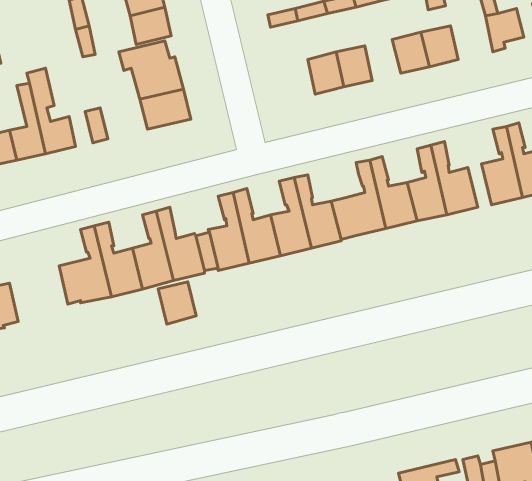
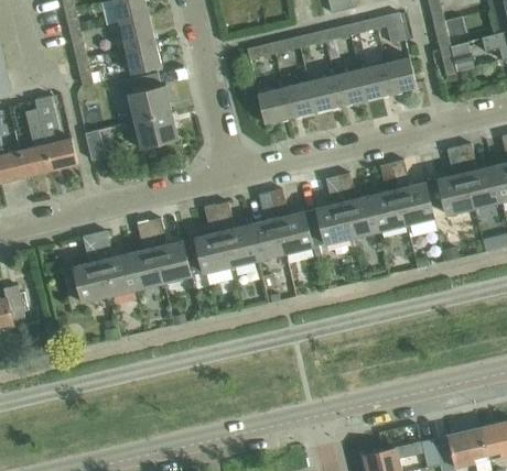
building: none -> [333,70,365,107]
building: none -> [256,88,289,124]
building: [158,282,196,324] -> none

